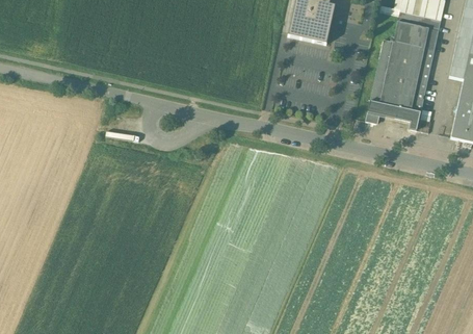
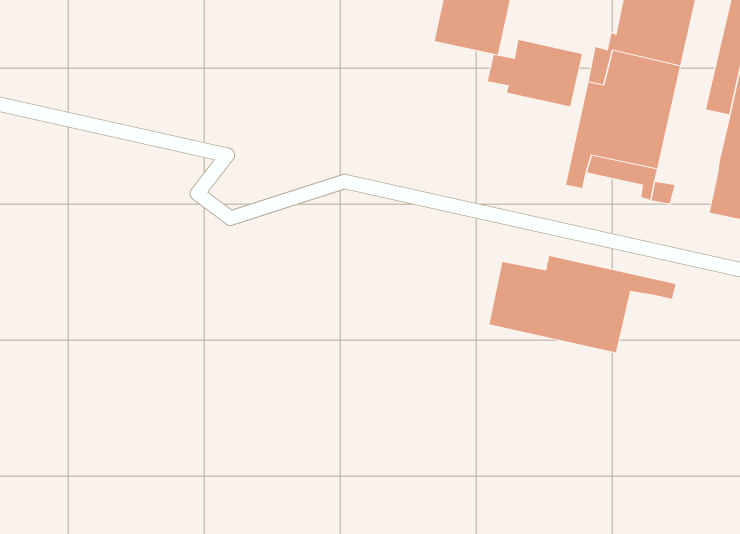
building: none -> [487,39,582,107]
building: none -> [489,255,676,353]

